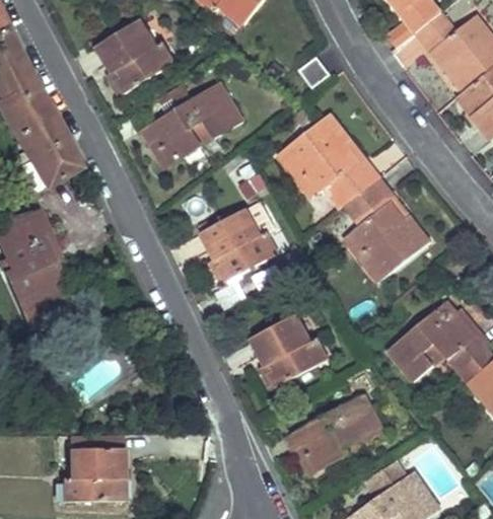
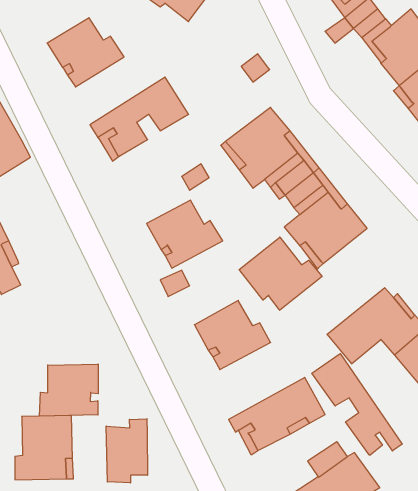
building: none -> [239,237,322,310]
building: none -> [312,354,402,455]
building: none -> [40,364,98,416]
building: none -> [106,419,147,483]

